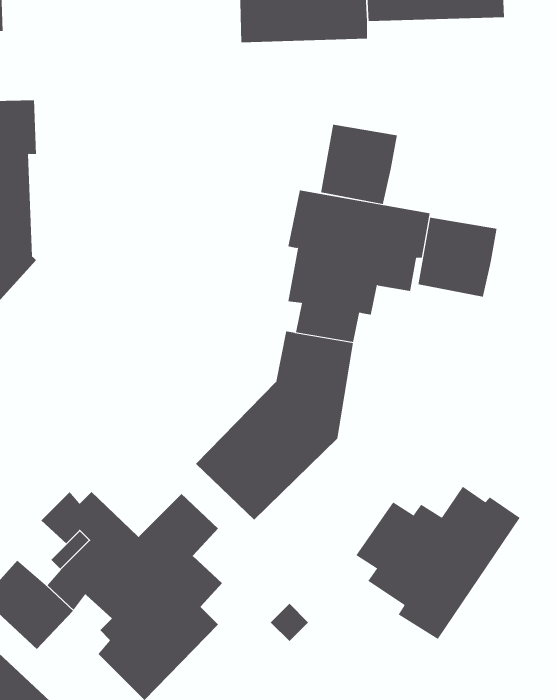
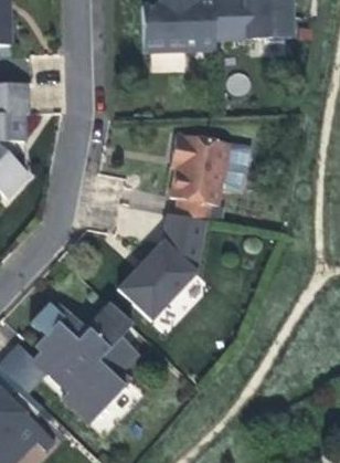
building: [321,124,397,205] -> none
building: [418,217,497,297] -> none
building: [356,486,521,640] -> none

